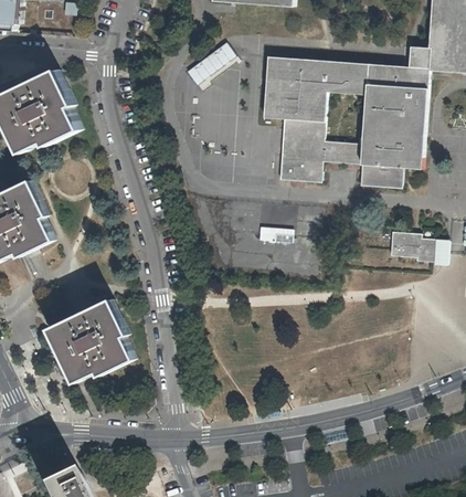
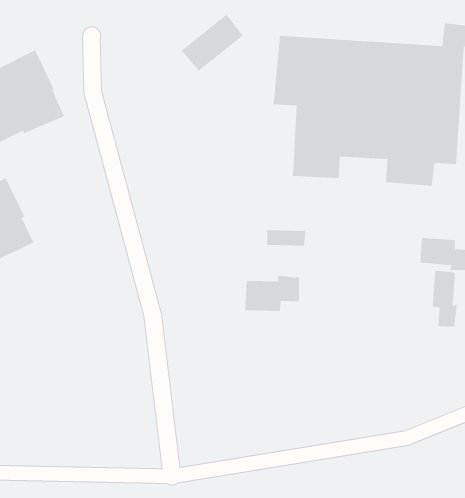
building: none -> [432,270,458,327]
building: none -> [245,275,300,312]
building: [53,298,135,379] -> none

